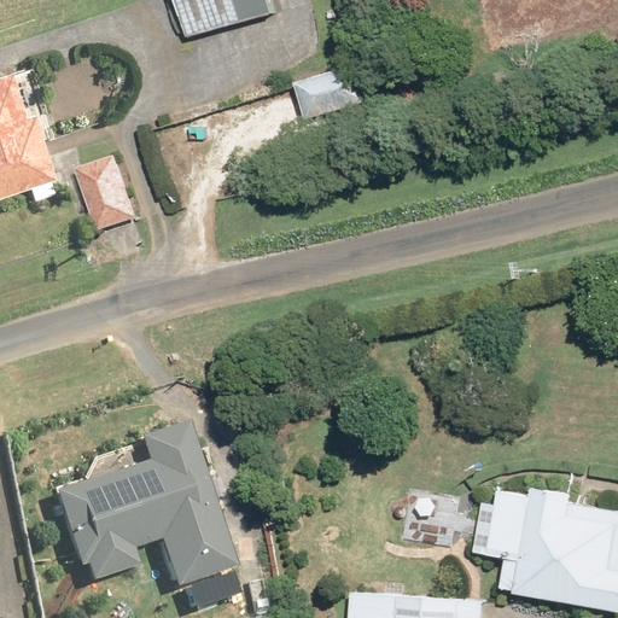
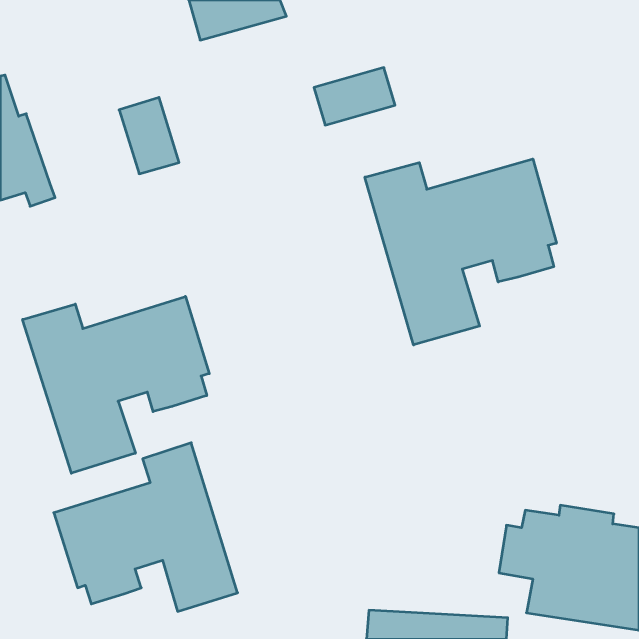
building: none -> [365,159,556,345]
building: [83,157,141,231] -> [119,97,179,174]
building: none -> [23,296,209,473]

